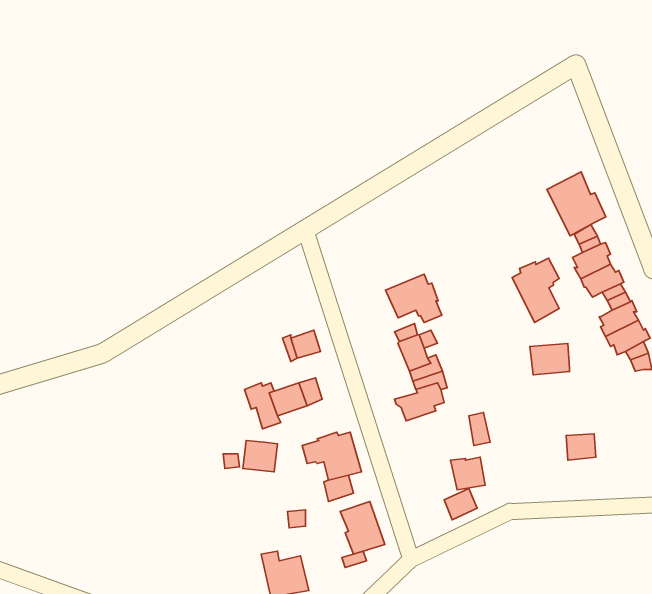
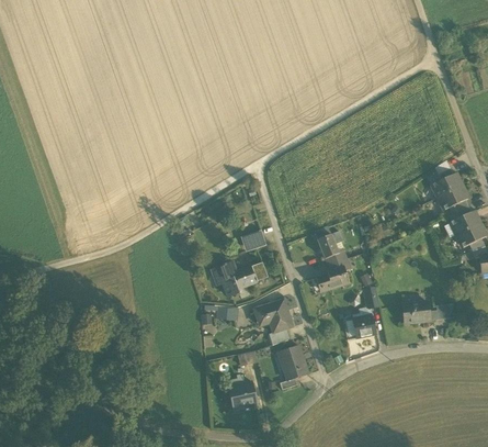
building: [547,172,606,236] -> none
building: [512,258,559,322] -> none
building: [385,274,442,323] -> none
building: [530,343,569,375] -> [402,301,429,322]

